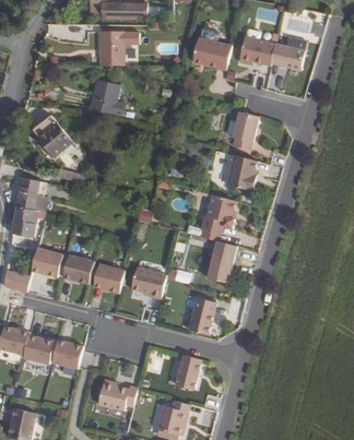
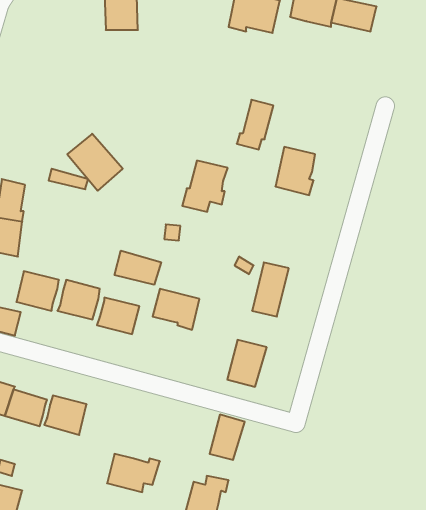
building: [87,80,117,115] -> none
building: [228,111,256,148] -> [237,100,273,150]
building: [28,114,70,156] -> [67,134,123,191]
building: [200,194,234,233] -> [182,161,228,212]
building: none -> [115,251,161,285]

